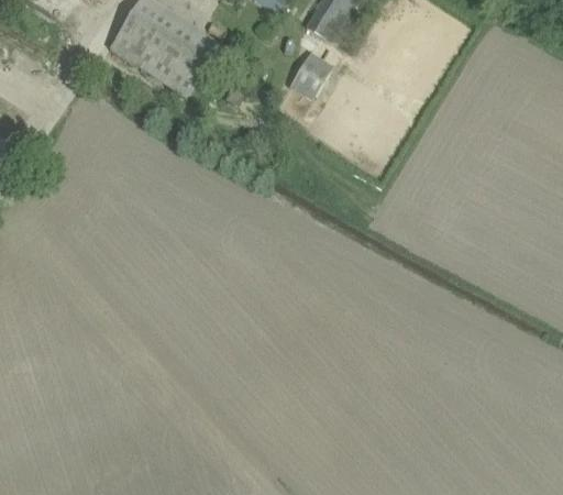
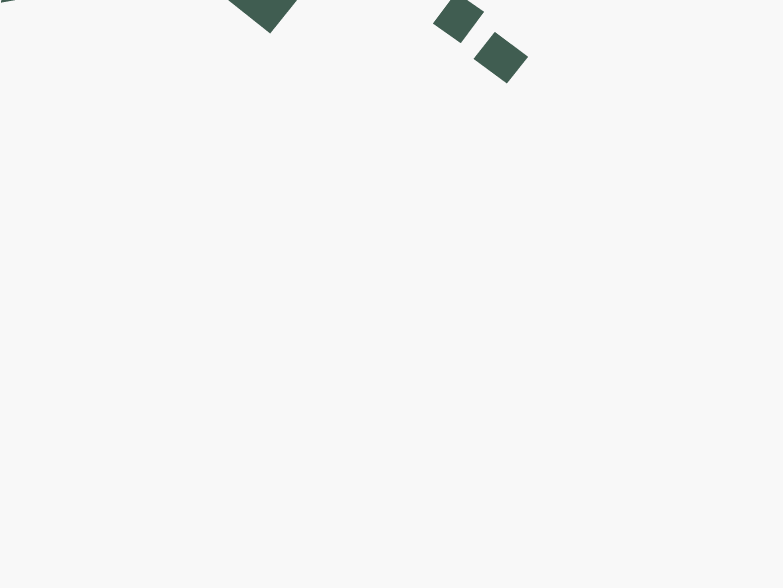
building: none -> [472,31,529,85]

